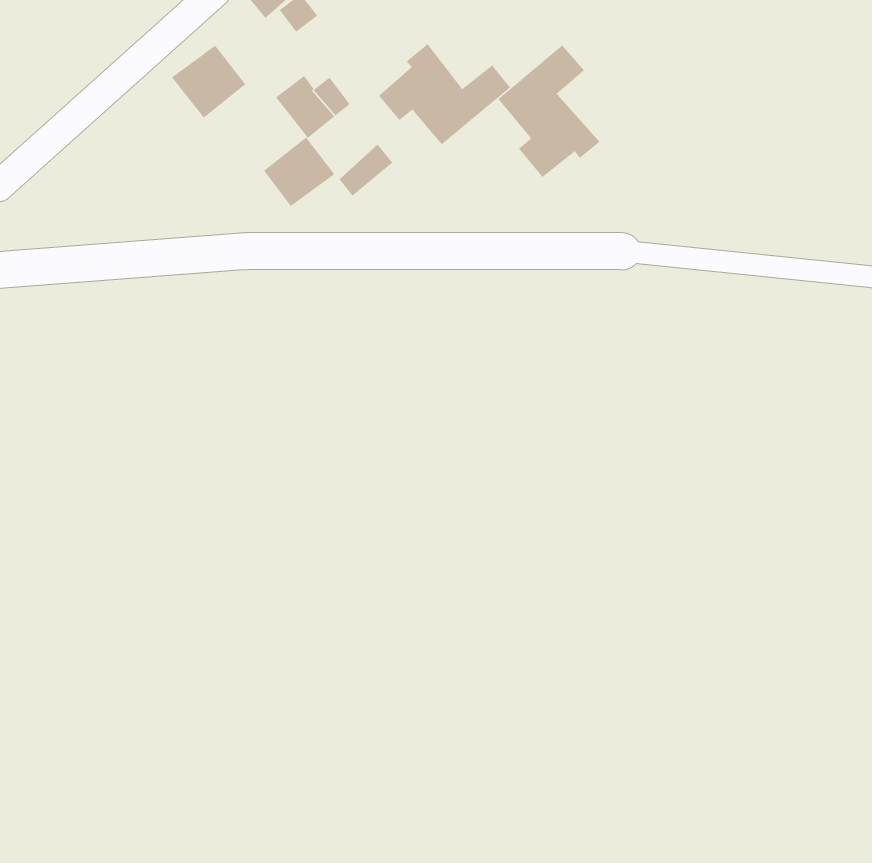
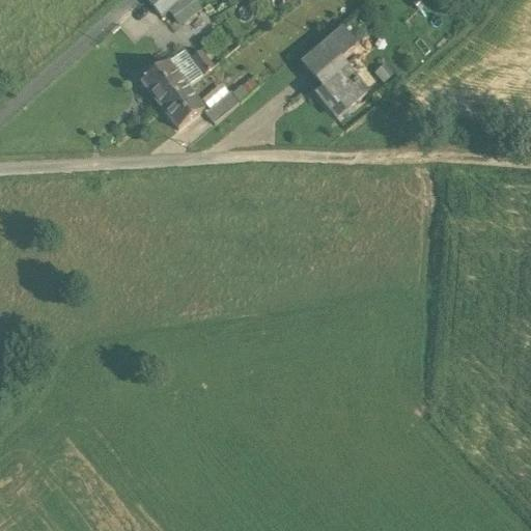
building: [378,43,511,145] -> none
building: [171,45,246,118] -> [140,59,186,104]

